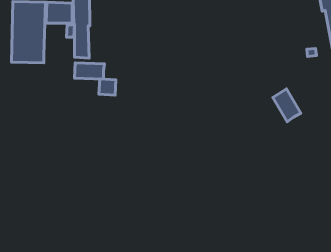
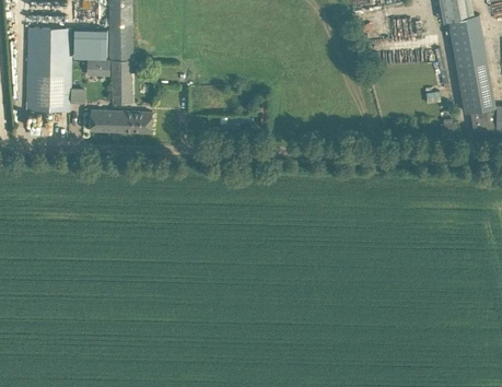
building: [99,79,116,95] -> [90,110,113,132]
building: [273,89,301,122] -> none

